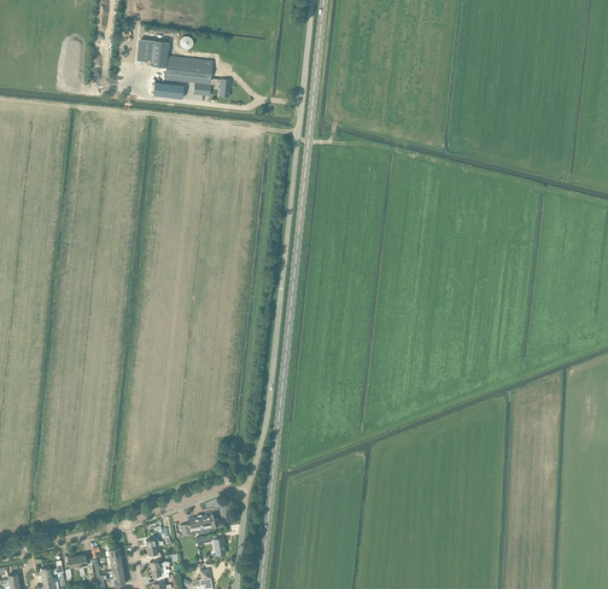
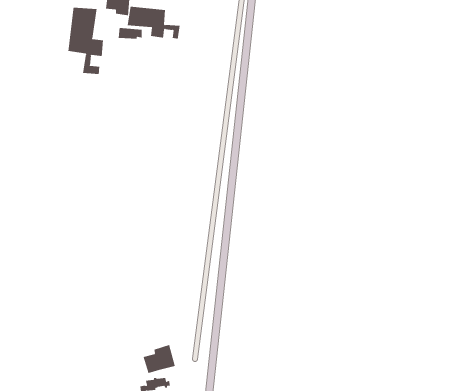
building: none -> [68,7,103,75]
building: none -> [143,344,176,374]

